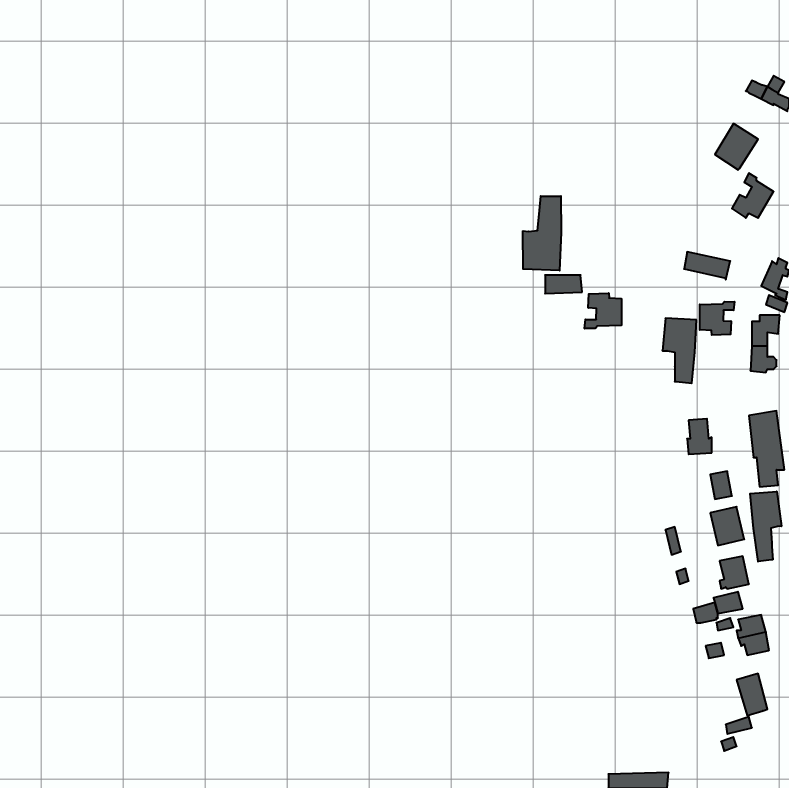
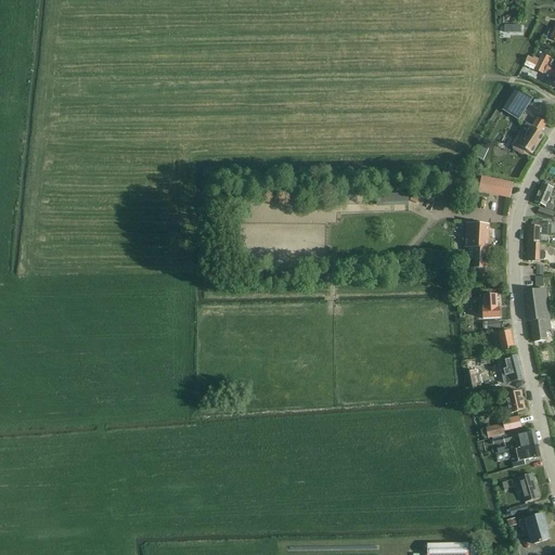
building: [523,196,561,271] -> none
building: [585,293,621,329] -> none
building: [700,302,734,335] -> none
building: [750,491,781,562] -> none
building: none -> [518,514,550,543]

